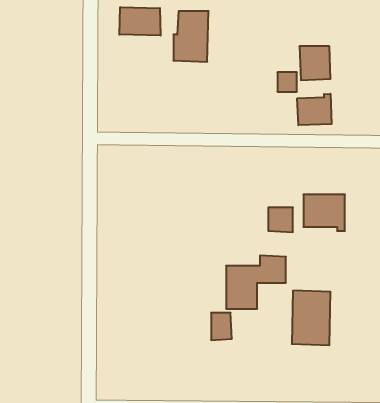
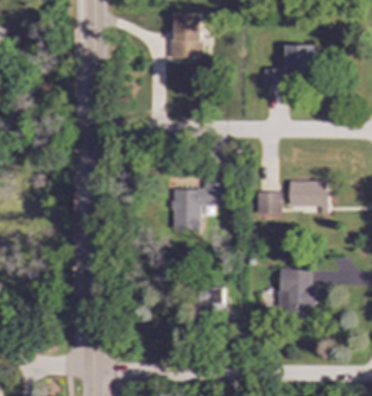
building: [119,7,161,36] -> none
building: [297,94,332,125] -> none
building: [226,255,286,309] -> [174,180,228,228]

